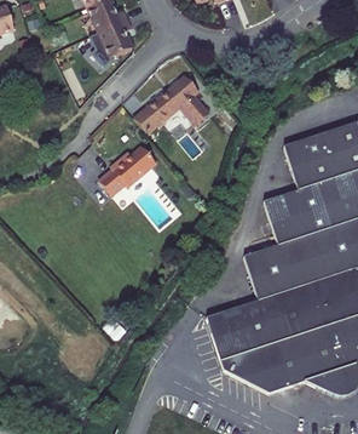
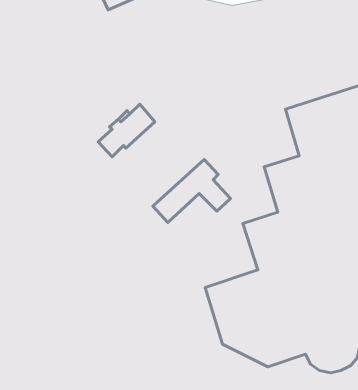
building: [138,70,213,131] -> [153,160,231,222]

